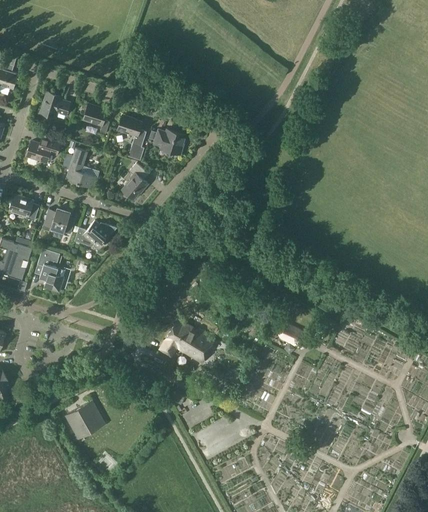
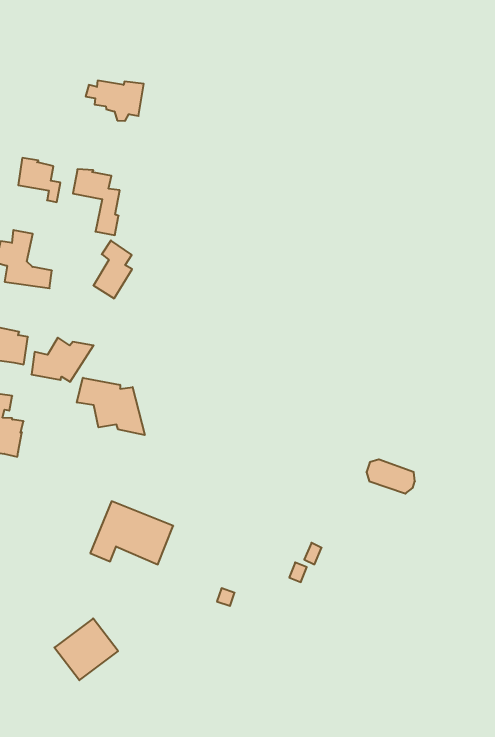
building: [148,129,186,157] -> [86,81,144,121]
building: none -> [77,378,145,435]
building: [159,319,214,363] -> [90,501,173,564]

